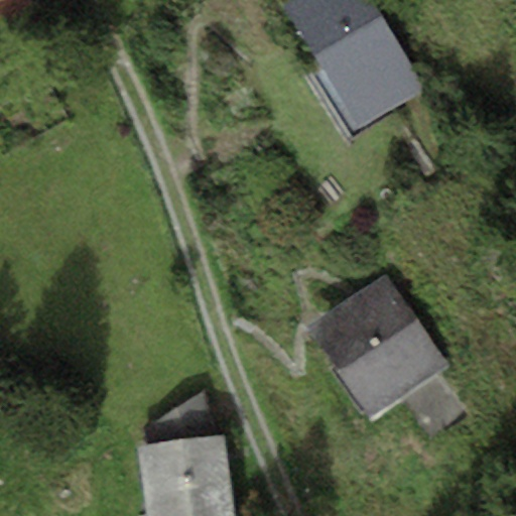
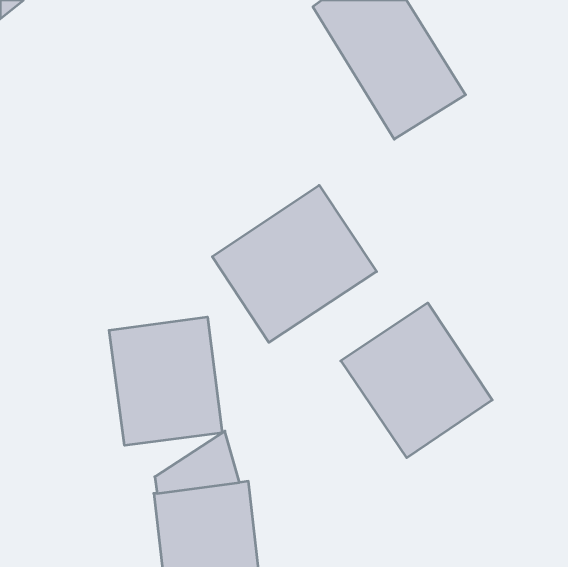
building: none -> [212,185,377,342]
building: none -> [109,317,222,445]

